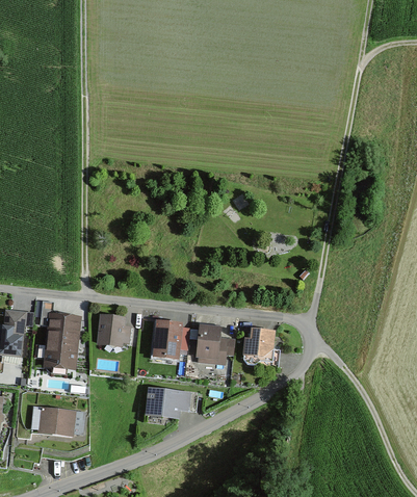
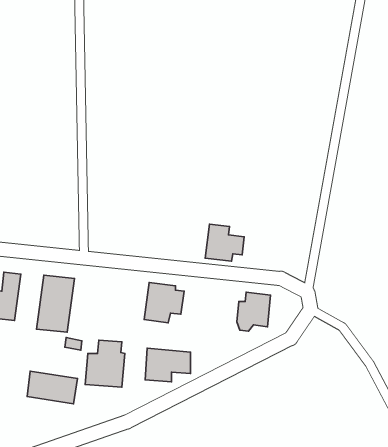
building: [99,314,132,345] -> none
building: [198,325,236,362] -> [205,224,244,261]
building: none -> [85,340,125,387]

